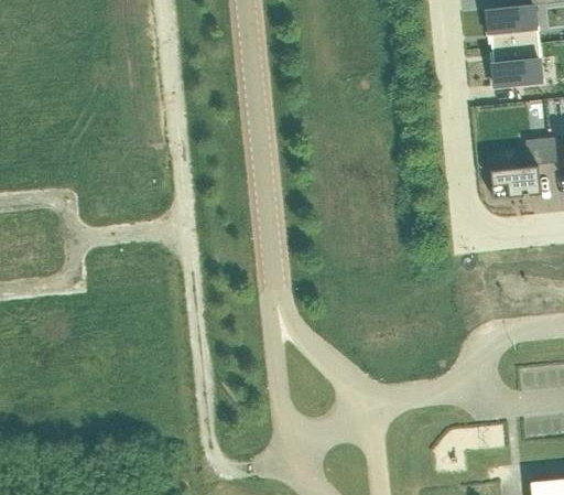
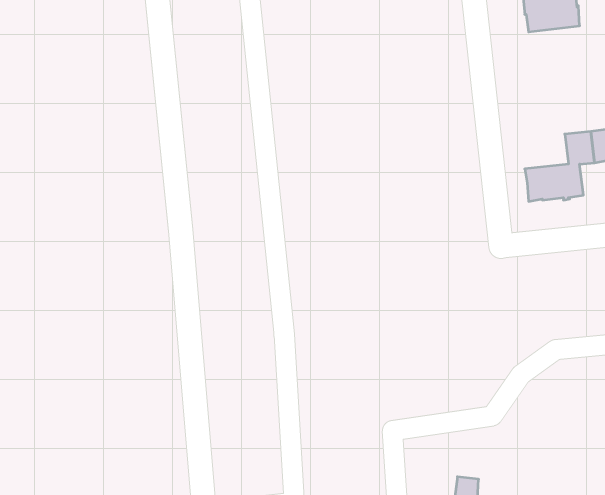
building: [492,42,541,85] -> none

